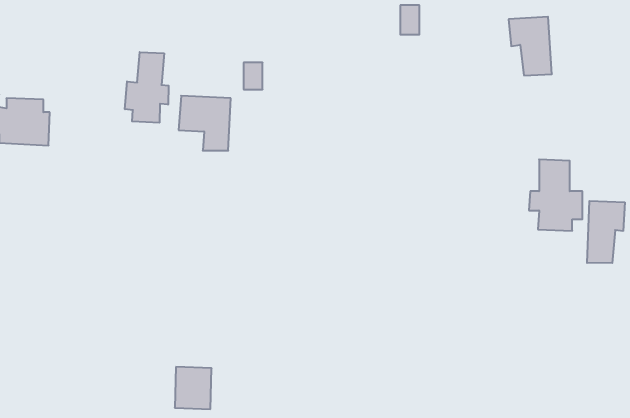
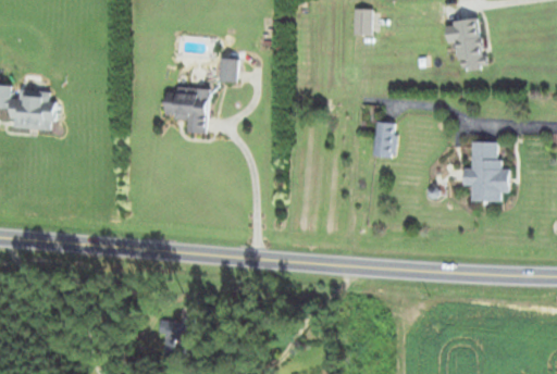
building: [125,52,169,123] -> none
building: none -> [373,123,395,157]
building: [587,201,625,263] -> none

